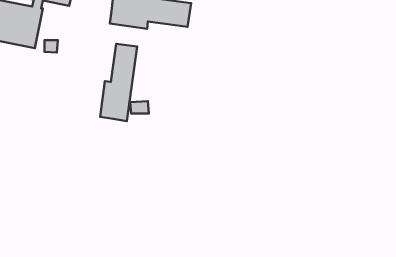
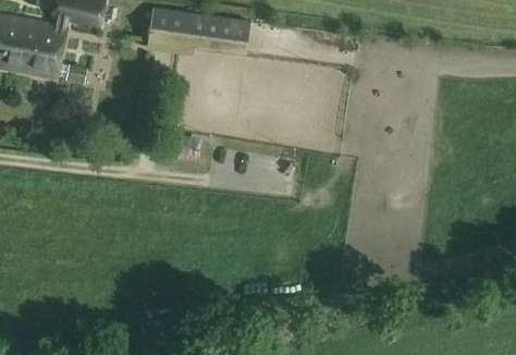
building: [100,44,137,121] -> none

